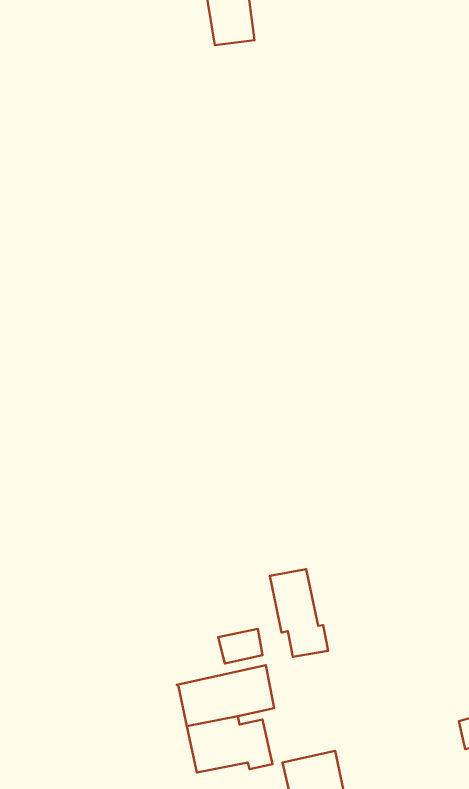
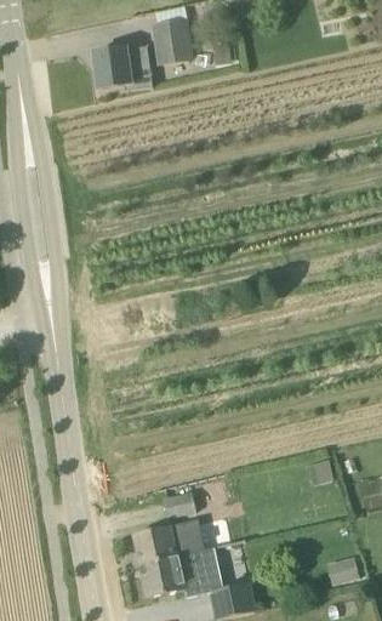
building: none -> [93,45,153,90]
building: [270,569,328,657] -> none

